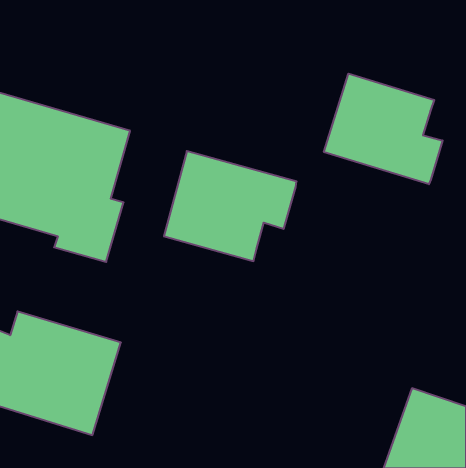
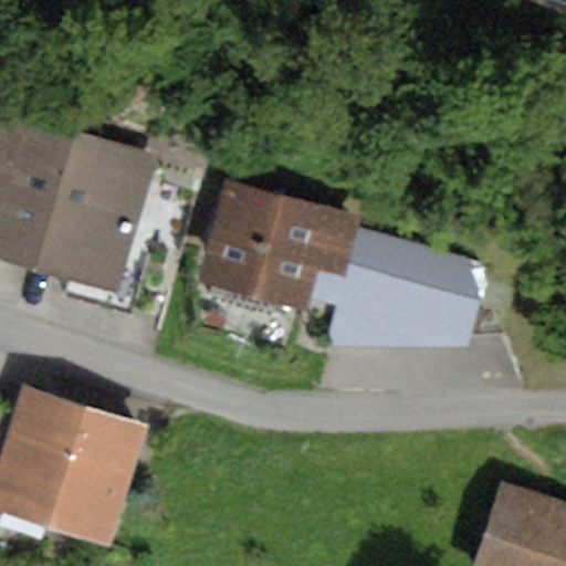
building: [324,74,443,184] -> none
building: none -> [310,226,485,347]

